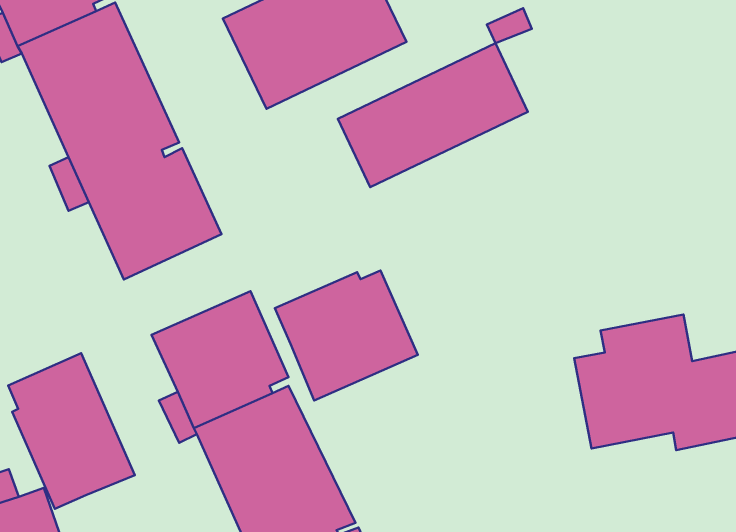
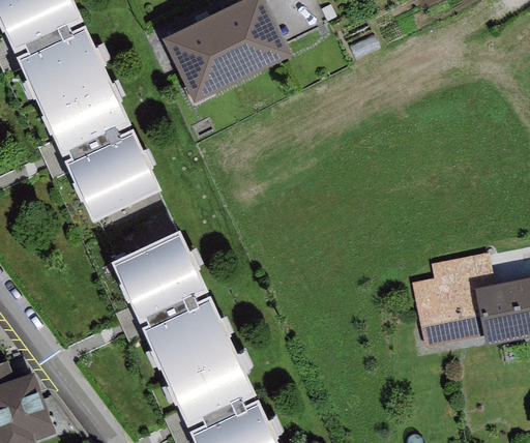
building: [338,43,528,187] -> none
building: [275,271,418,401] -> none
building: [8,353,135,509] -> none

